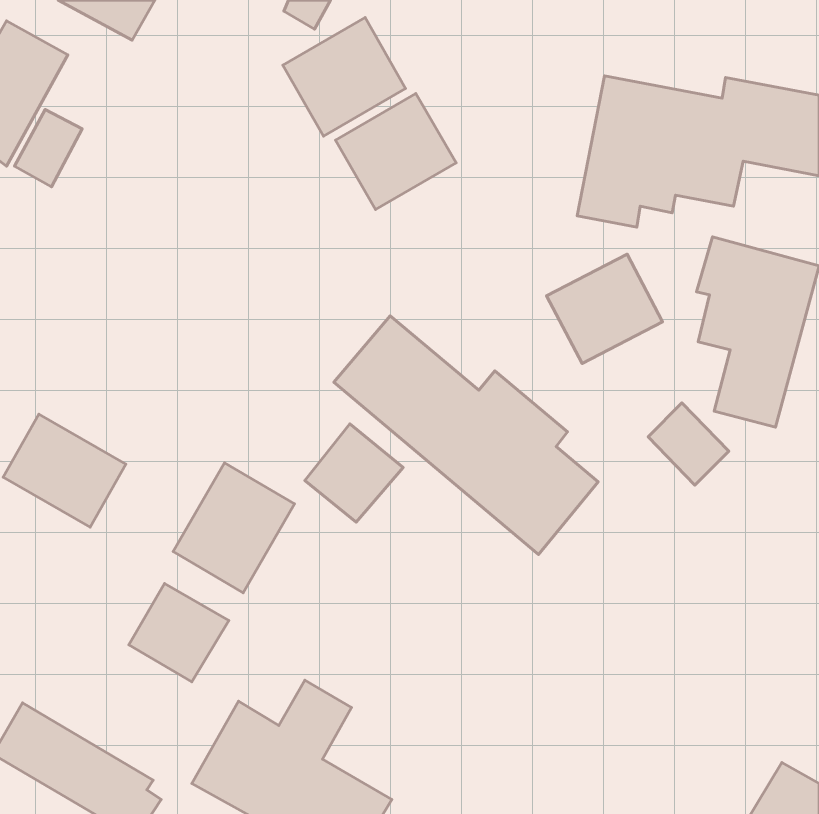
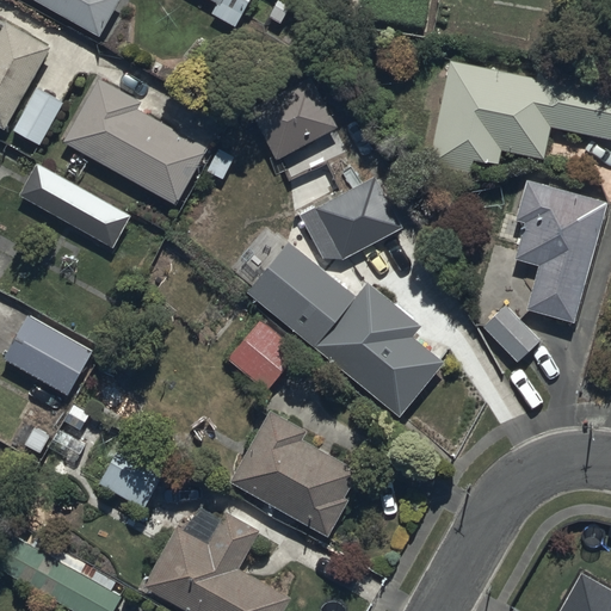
building: [283,18,406,136] -> none
building: none -> [62,80,205,205]
building: none -> [17,162,130,249]
building: [547,254,663,364] -> [296,184,382,265]
building: [173,463,295,593] -> none
building: none -> [229,411,359,536]

